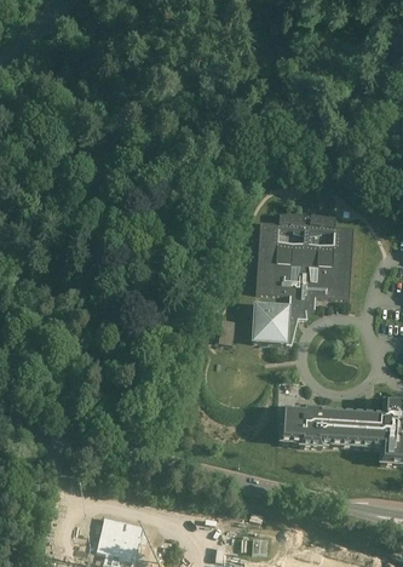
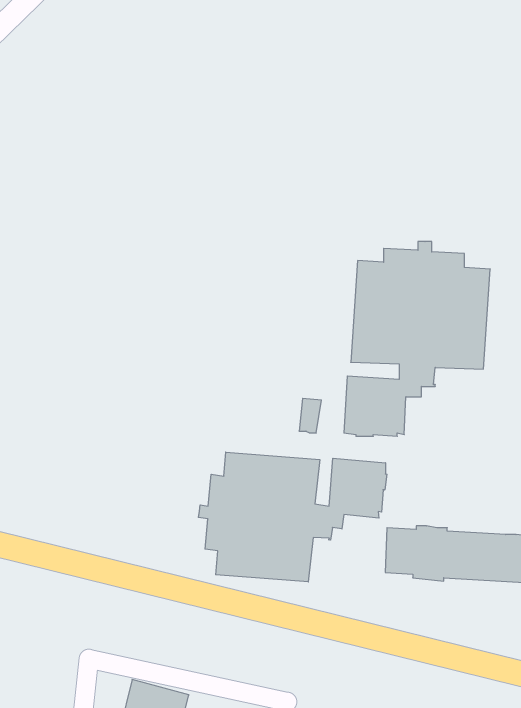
building: none -> [198,452,387,582]

